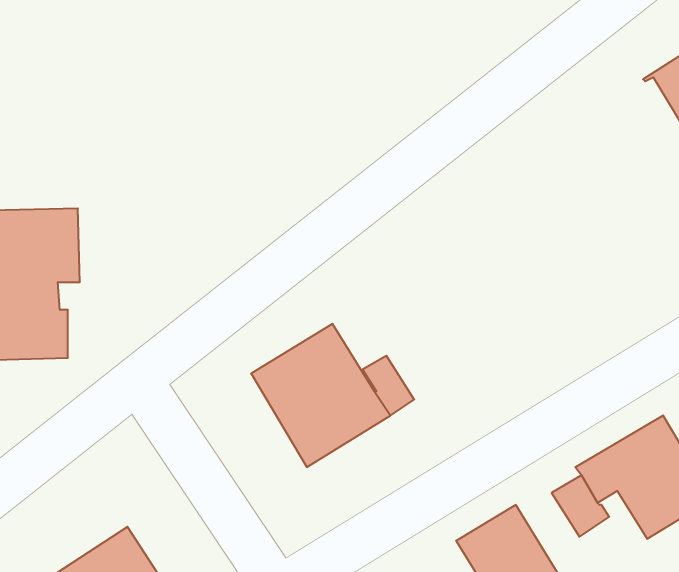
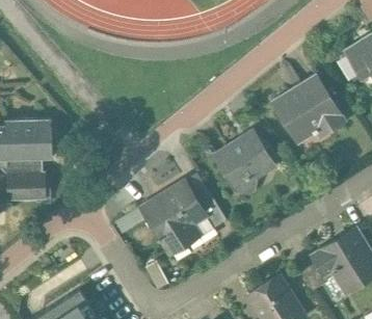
building: none -> [273,76,346,142]
building: none -> [216,132,274,188]

